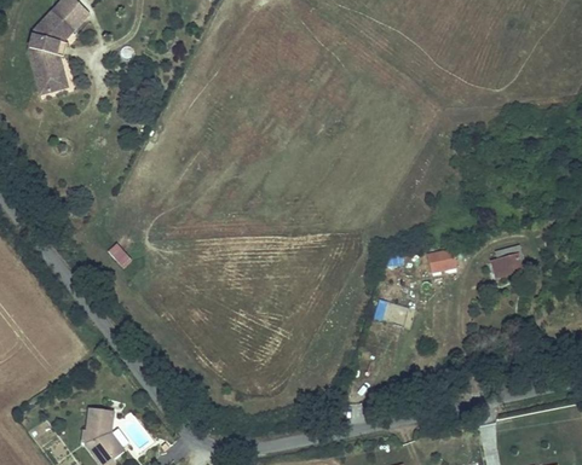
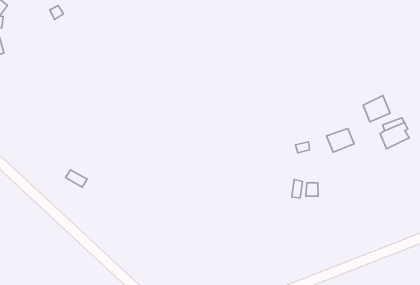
building: none -> [363,96,390,122]

